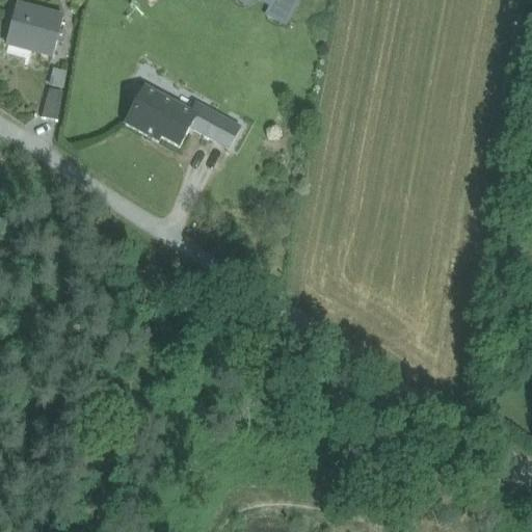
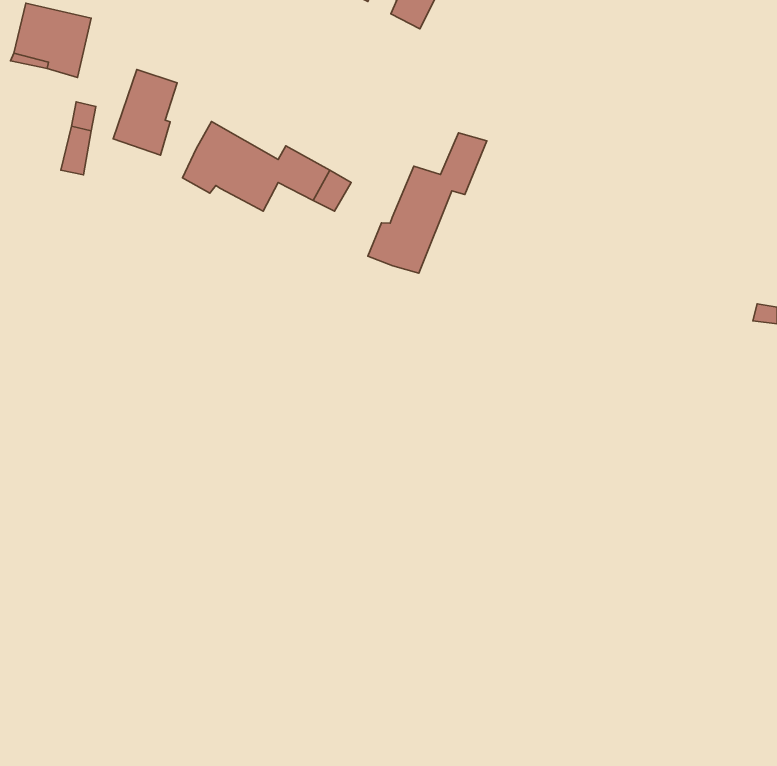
building: none -> [113,69,177,155]
building: none -> [368,133,487,273]

